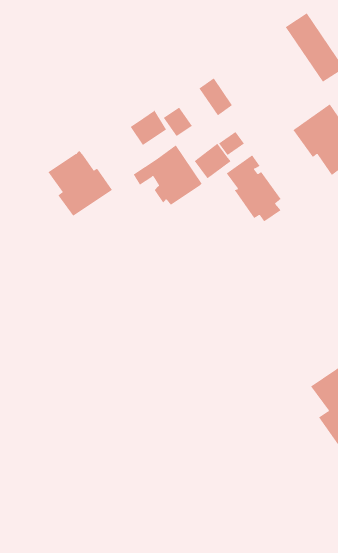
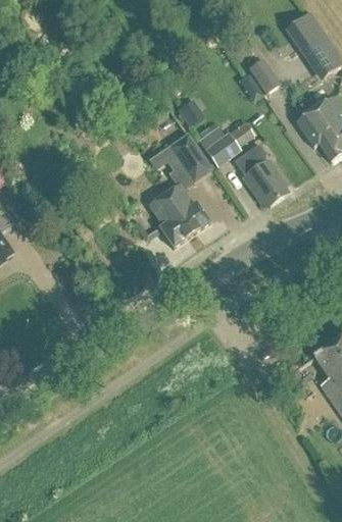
building: [199,78,233,116] -> [248,58,280,94]
building: [130,109,167,146] -> none
building: [47,150,113,216] -> [149,185,209,246]

